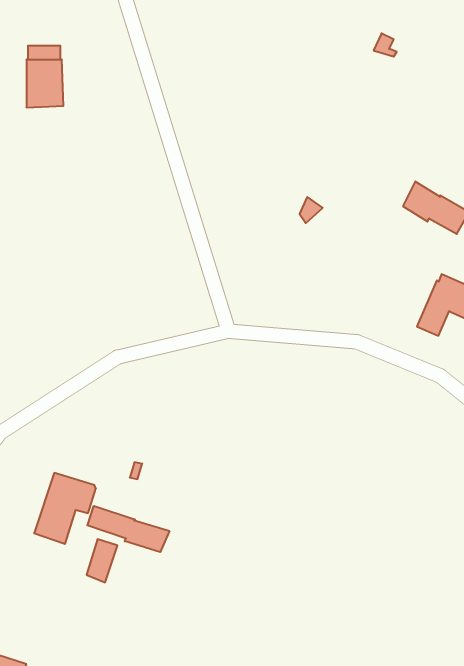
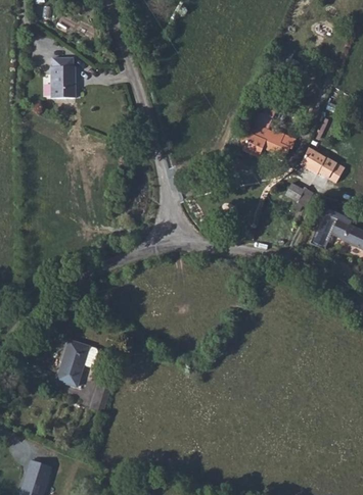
building: none -> [241,122,297,157]
building: none -> [285,183,313,210]
building: [87,506,169,552] -> none

